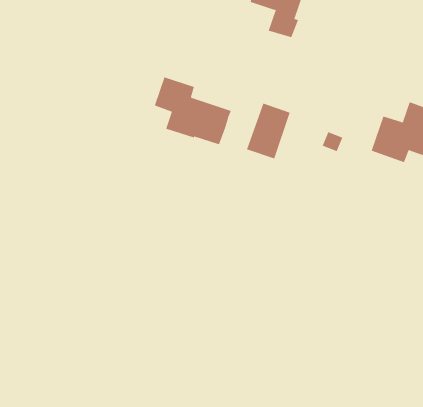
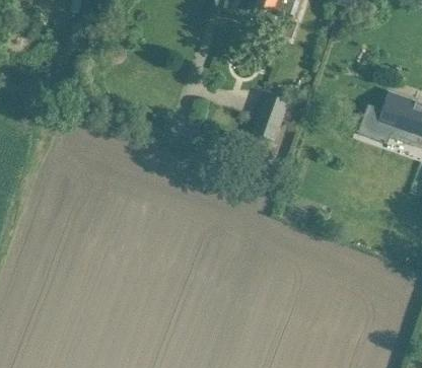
building: [154,77,231,146] -> none

